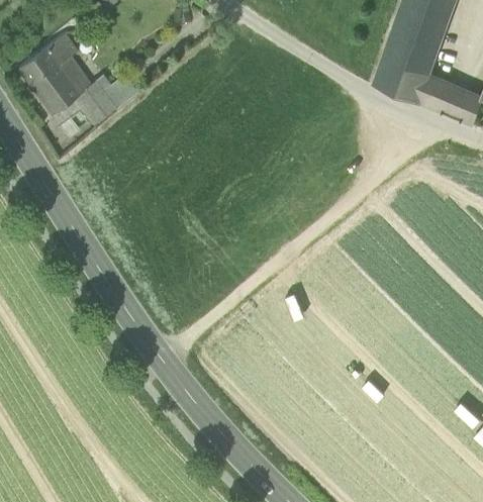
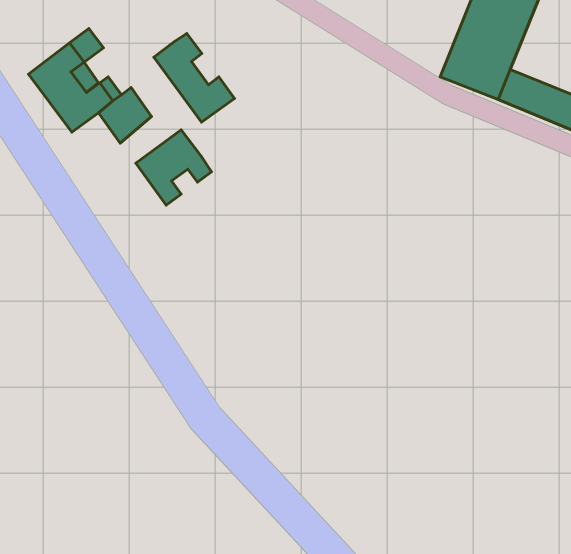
building: none -> [154,33,235,122]
building: none -> [136,130,212,205]

